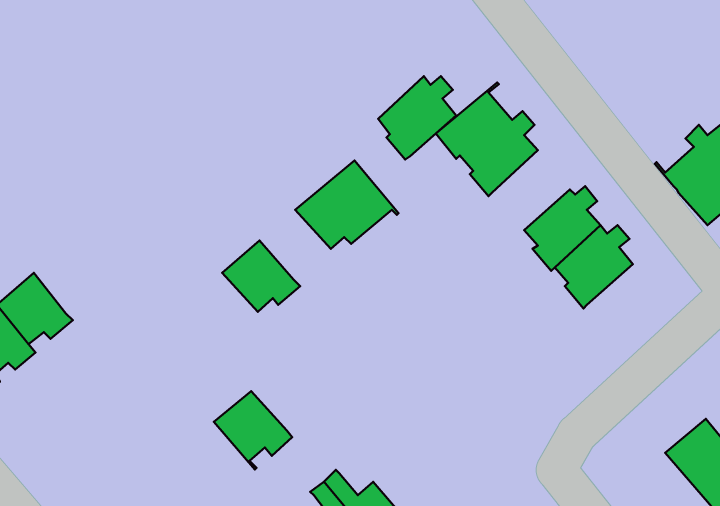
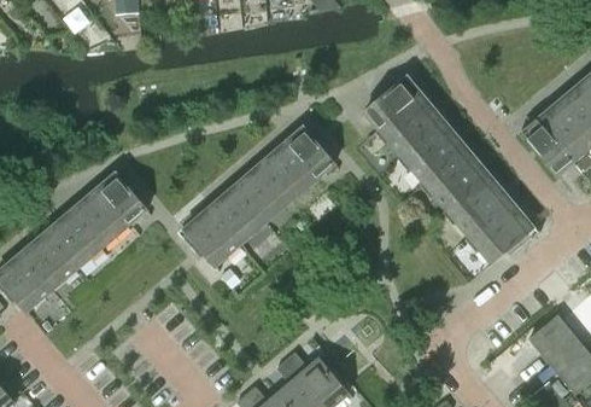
building: [378,76,456,160] -> [404,123,460,182]
building: none -> [239,165,293,215]
building: none -> [78,176,147,239]
building: none -> [472,203,529,262]
building: [214,391,292,469] -> [186,210,241,266]

